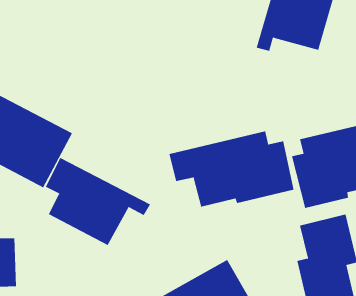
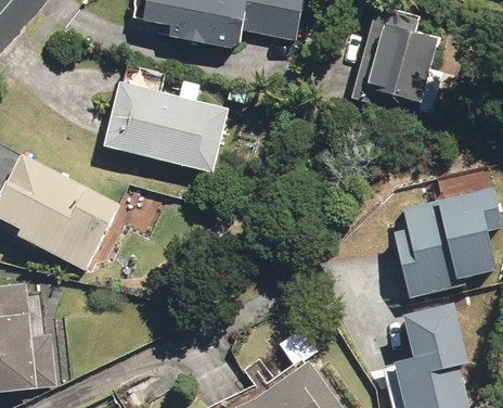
building: none -> [107,80,230,174]
building: [169,130,294,207] -> none
building: [45,157,151,246] -> none

